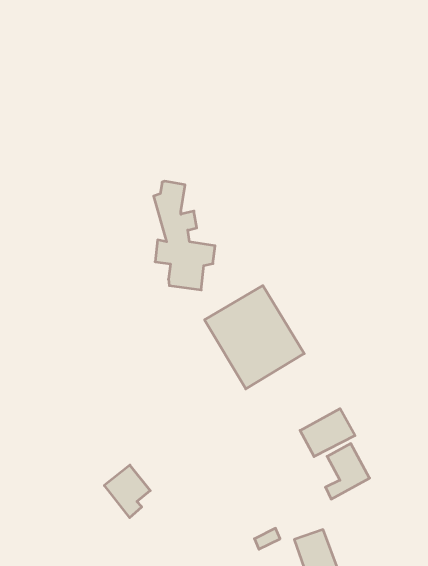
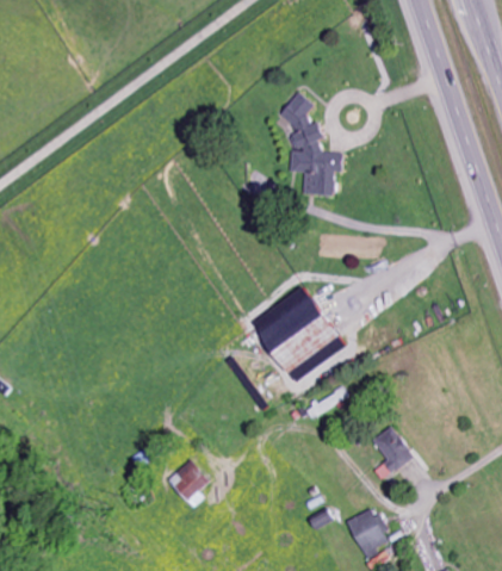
building: [154,181,215,290] -> [281,97,341,195]
building: [300,409,355,457] -> none

